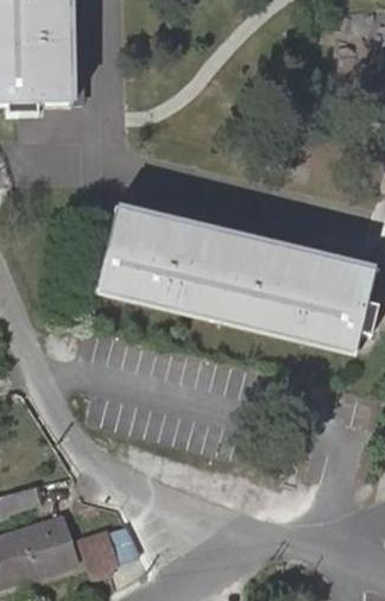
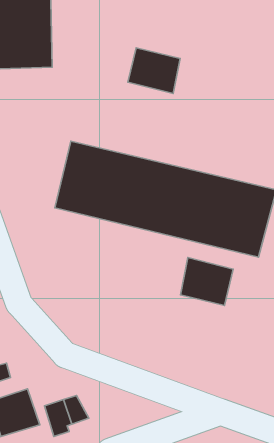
building: none -> [128,48,180,94]
building: none -> [180,258,233,306]

